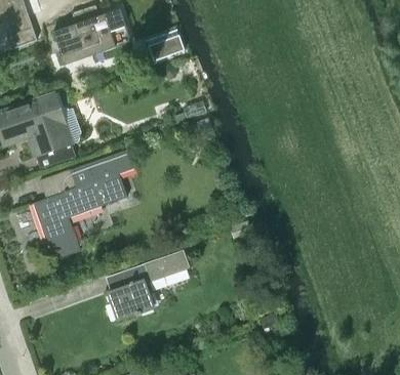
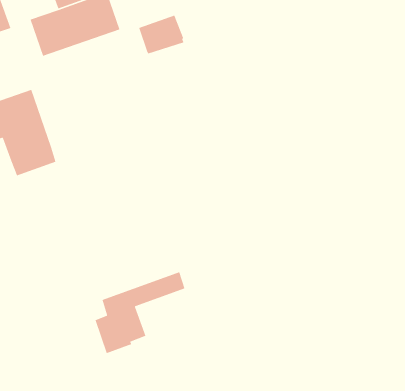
building: [33,150,135,260] -> none

